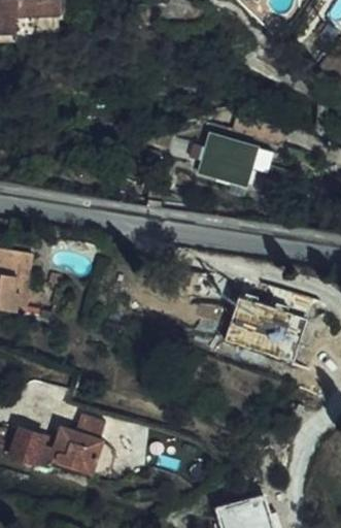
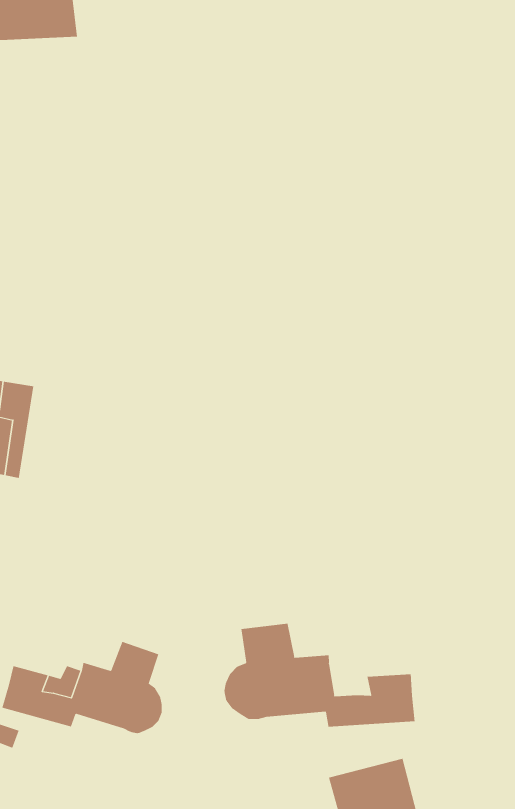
building: [195,133,269,182] -> none
building: none -> [224,623,415,727]

